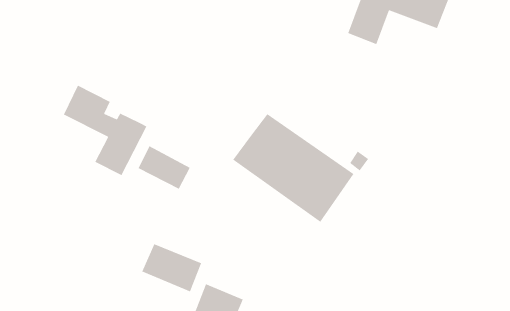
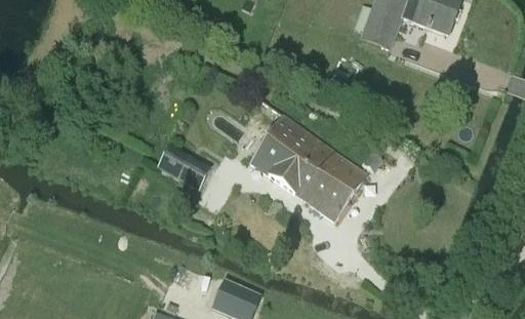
building: [63,85,148,176] -> none
building: [141,243,202,292] -> none

